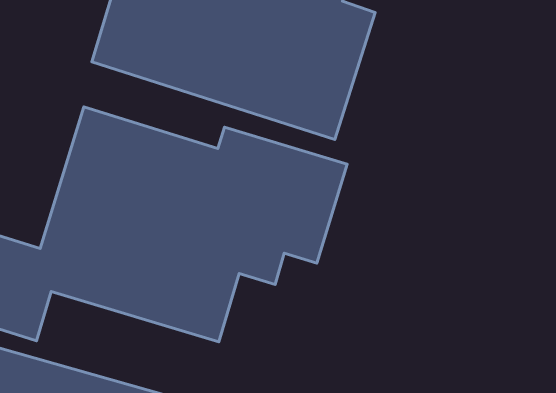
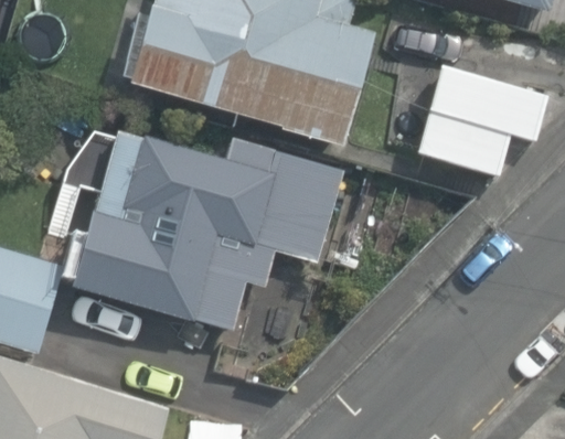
building: none -> [394,52,546,182]

